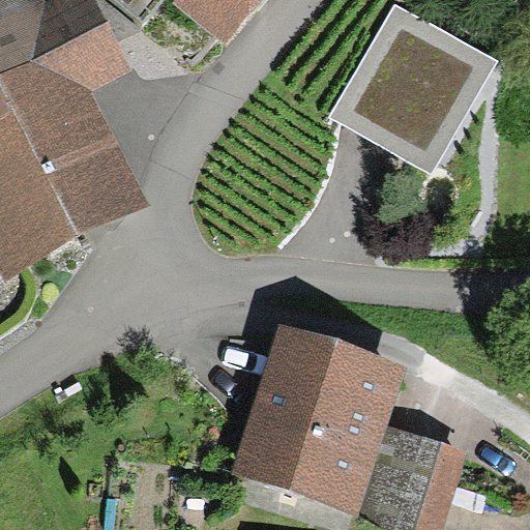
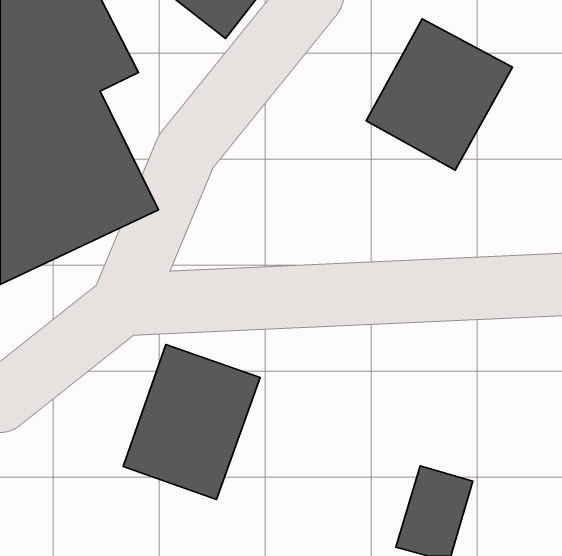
building: none -> [123,345,260,500]
building: [232,342,390,511] -> none

